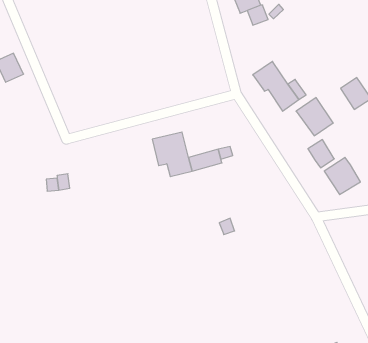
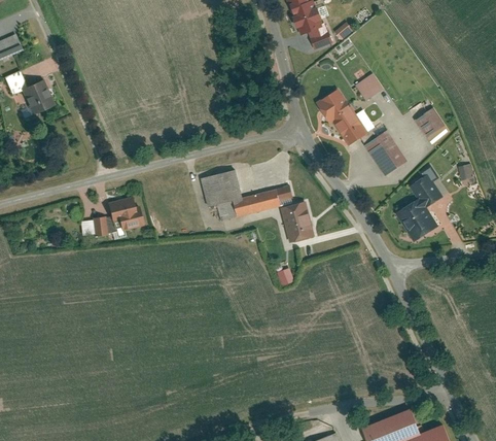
building: none -> [355,73,383,100]
building: [308,140,334,168] -> [412,175,441,207]
building: none -> [108,198,143,231]
building: none -> [281,202,315,243]

